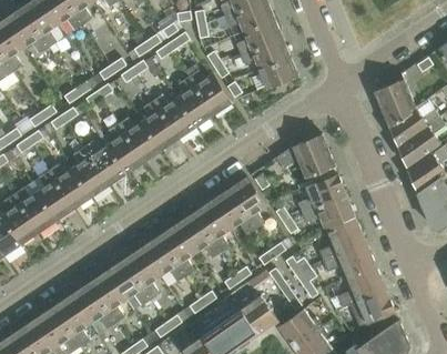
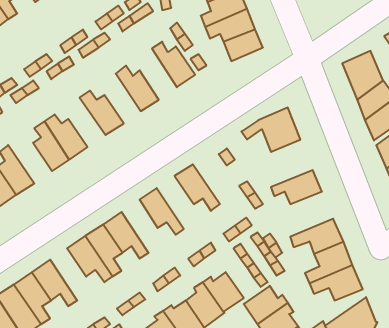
building: [176,77,213,127] -> none
building: [142,101,177,150] -> none
building: [106,124,143,173] -> none
building: [48,164,91,209] -> none
building: [302,174,346,212] -> none
building: [228,178,265,229] -> none
building: [193,201,230,253] -> none
building: [319,221,366,261] -> none
building: [159,224,194,276] -> none
building: [89,272,124,323] -> none

